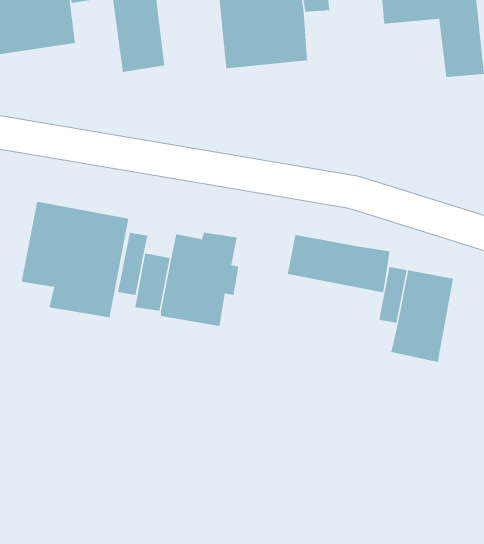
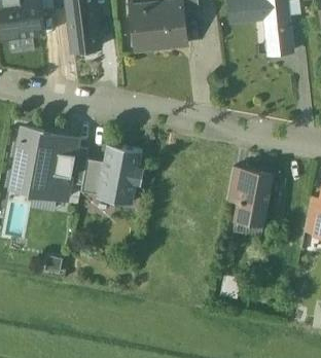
building: [287,234,390,293] -> none

